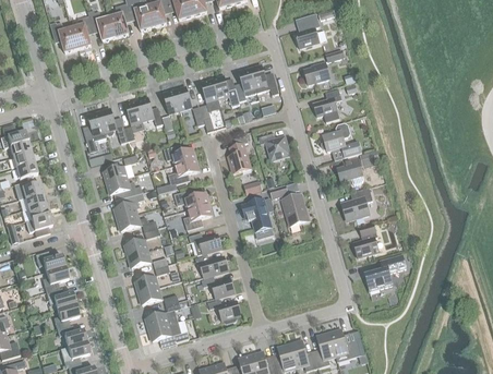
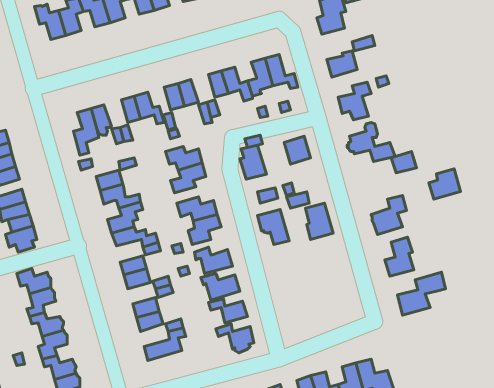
building: [336,156,363,182] -> [429,169,460,199]
building: [148,321,189,341] -> none

